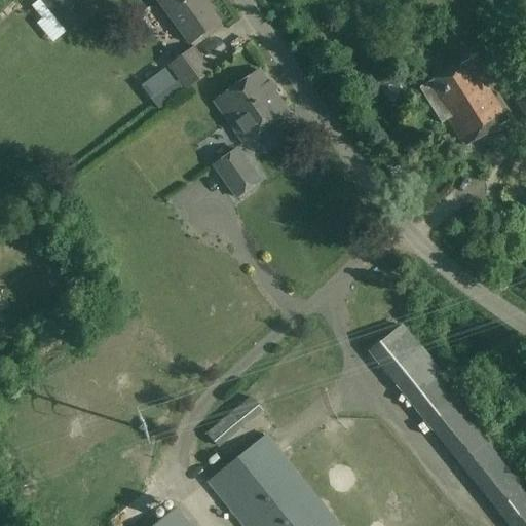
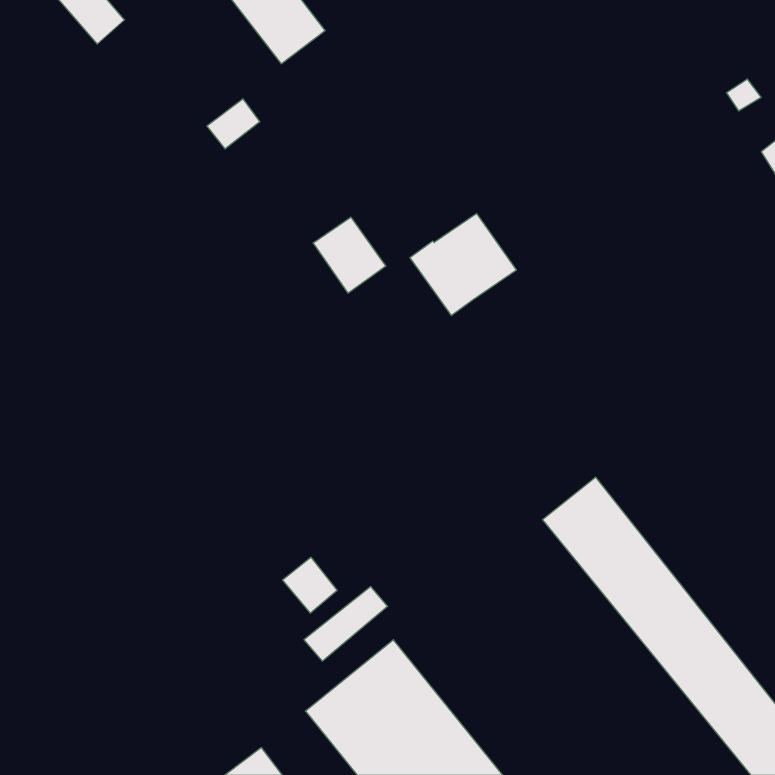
building: [168,46,213,90] -> none
building: [422,59,508,146] -> none
building: [216,72,288,141] -> [410,214,516,315]
building: none -> [282,557,337,613]

